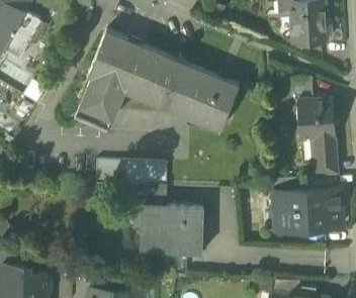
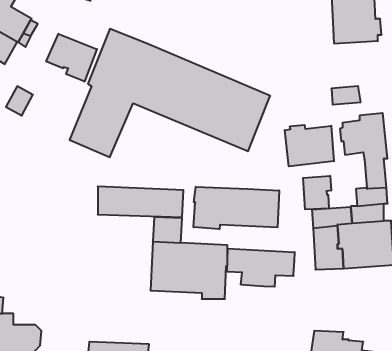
building: none -> [46,34,97,82]
building: none -> [285,125,334,166]
building: none -> [303,176,331,209]
building: none -> [194,187,279,229]
building: none -> [227,249,295,287]

